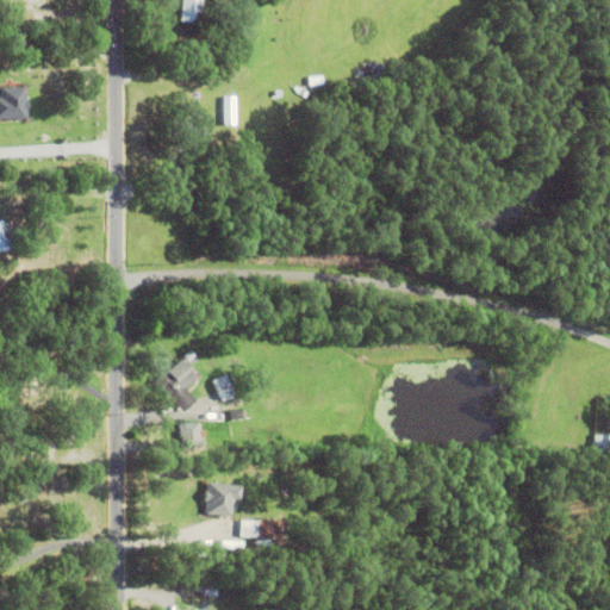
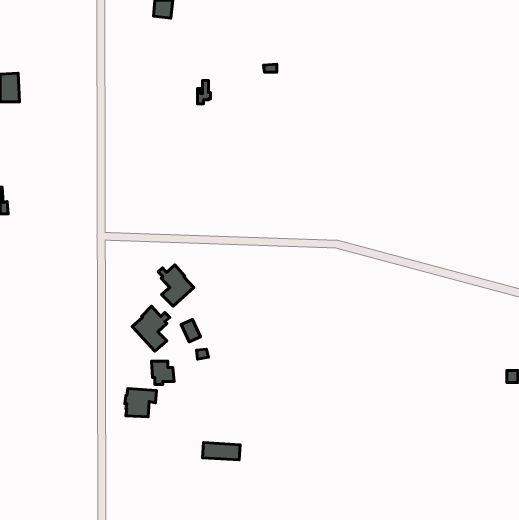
building: none -> [158,265,194,306]
building: [204,483,241,516] -> [125,388,156,417]

